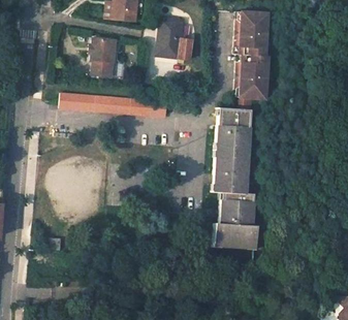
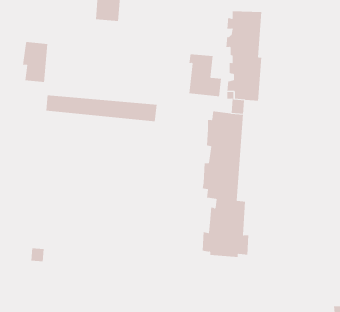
building: [159,20,191,61] -> [189,54,222,97]
building: [88,39,113,78] -> [22,42,48,83]

